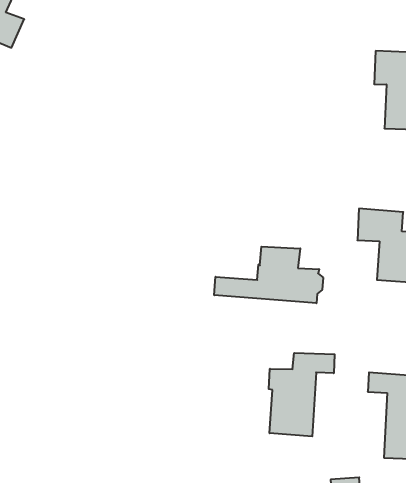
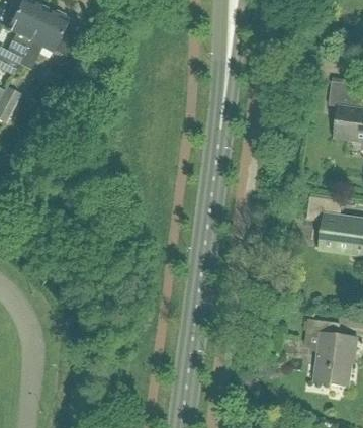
building: [214,247,323,303] -> none
building: [269,353,335,436] -> none

